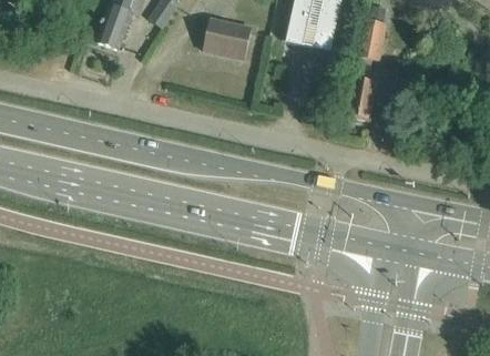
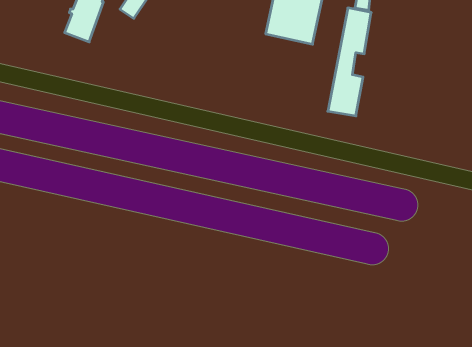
building: [203,17,252,57] -> none

